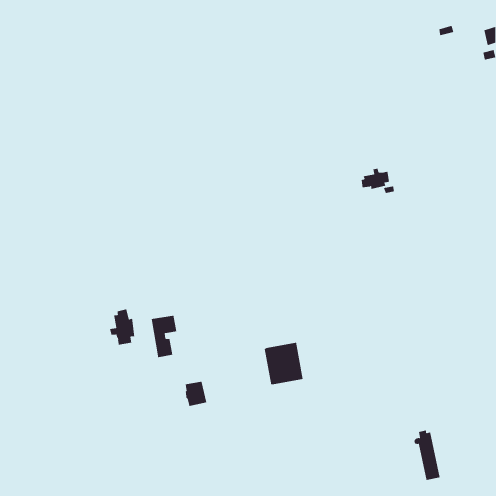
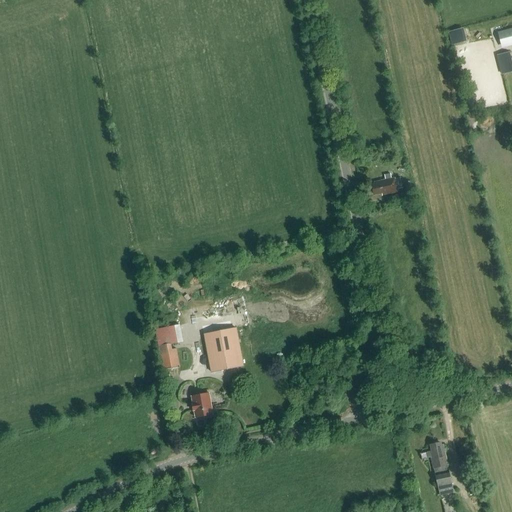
building: [110,309,135,345] -> none
building: [264,342,304,385] -> [202,327,243,371]

